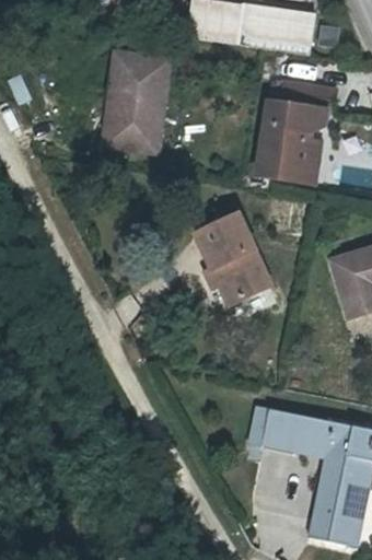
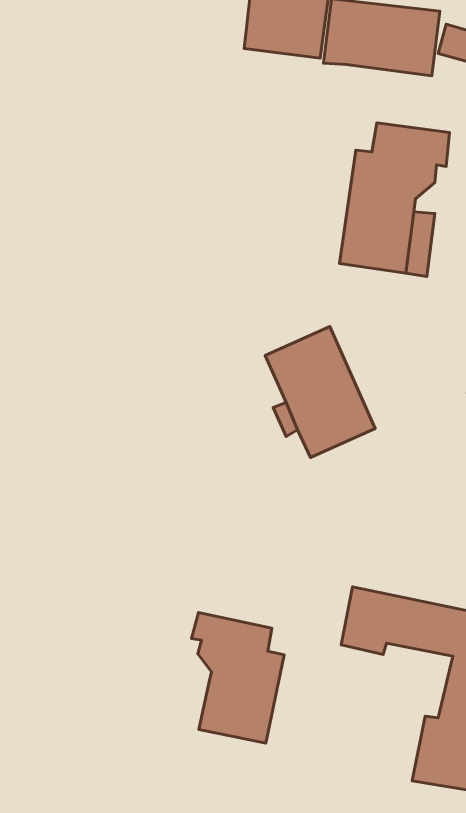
building: [112,56,167,148] -> none
building: none -> [192,612,284,743]

